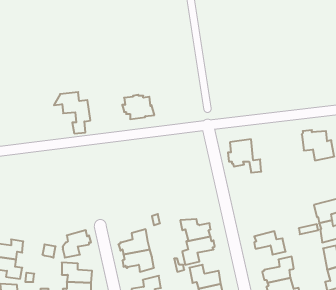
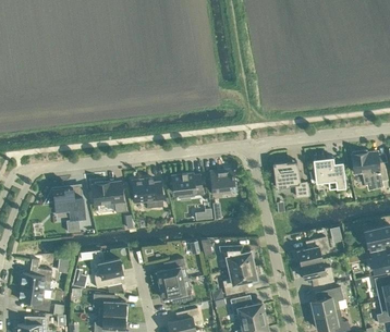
building: [54,92,90,133] -> [46,188,85,233]
building: [122,95,154,119] -> [169,173,204,199]
building: none -> [313,158,345,189]
building: none -> [209,169,237,195]
building: none -> [131,179,162,209]
building: none -> [92,182,125,213]
building: none -> [295,237,328,266]

